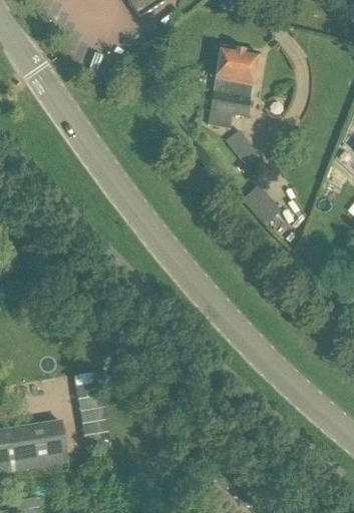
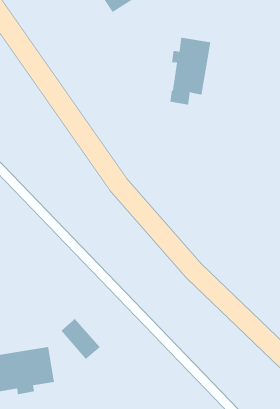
building: [226,128,260,171] -> none
building: [242,185,280,224] -> none

